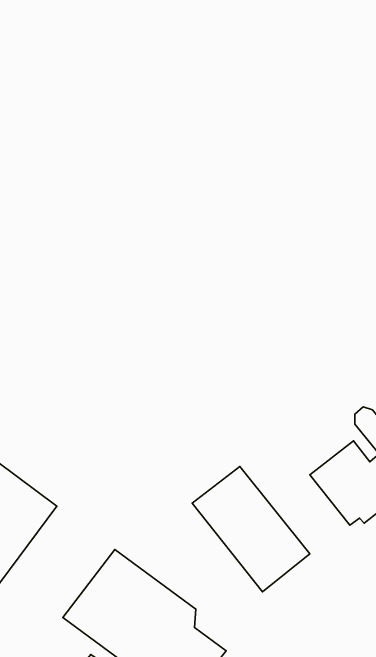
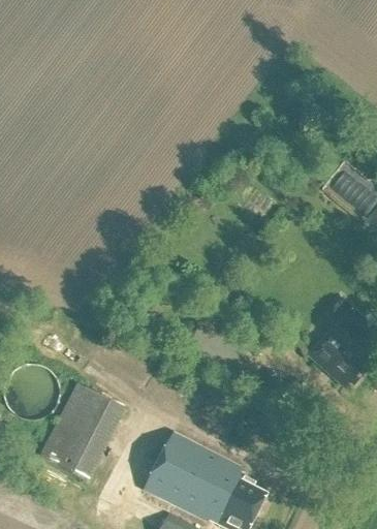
building: [192,467,310,592] -> none

